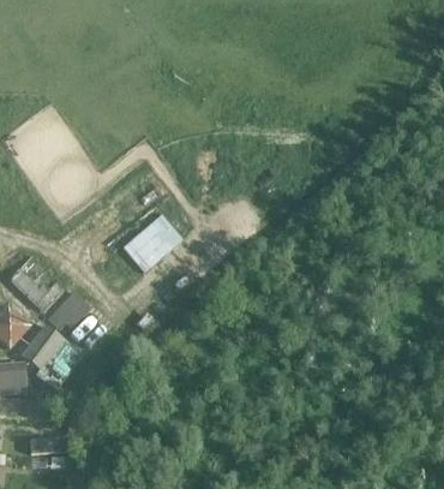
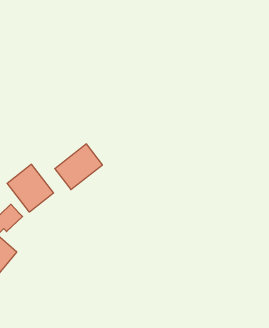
building: none -> [7,164,54,212]

